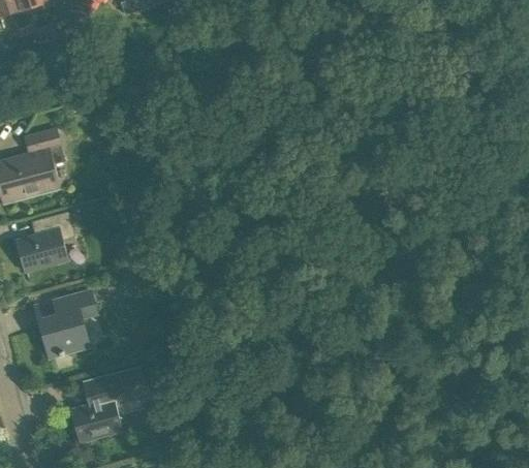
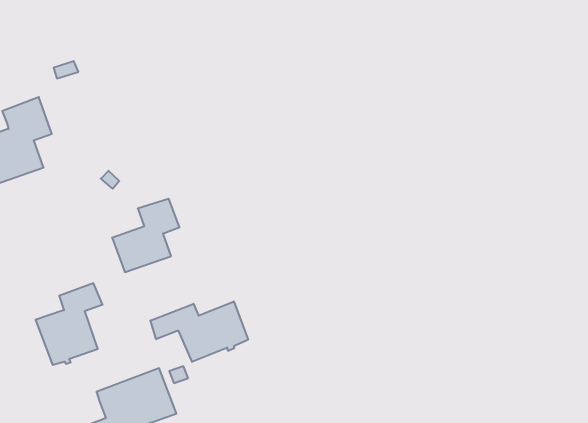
building: [18,212,75,271] -> [112,199,180,272]
building: none -> [150,301,248,362]

